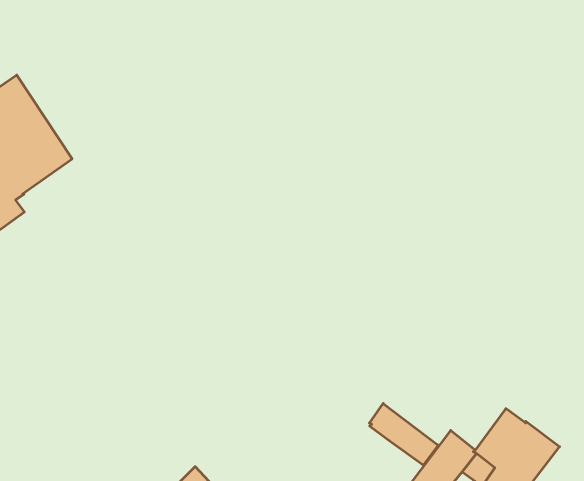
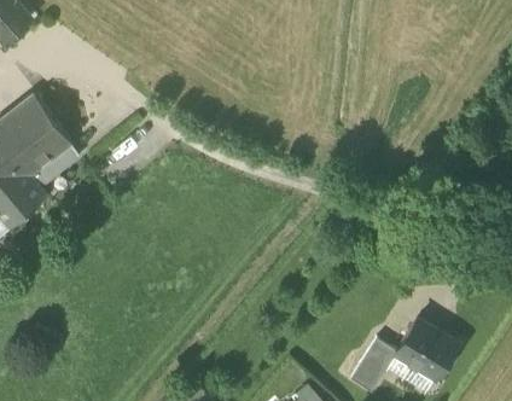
building: [369,403,438,465] -> none

